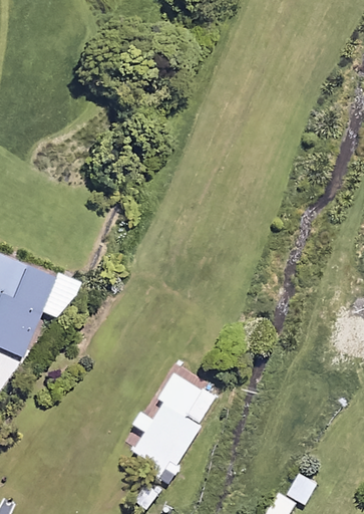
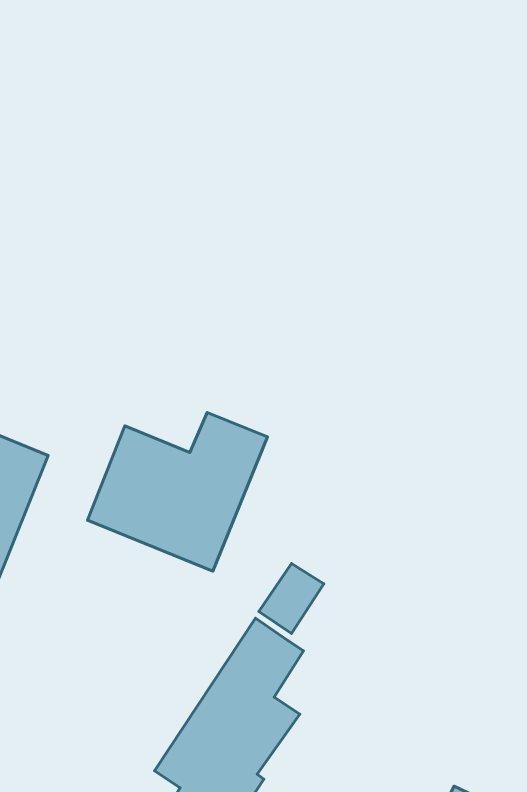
building: none -> [87,413,268,571]

